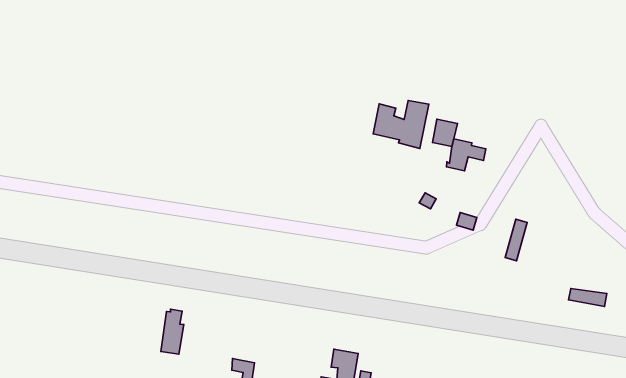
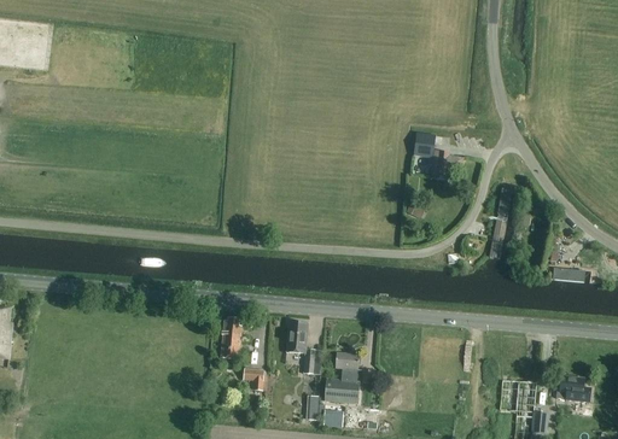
building: [373,101,429,149] -> none
building: [161,309,184,354] -> [222,316,241,357]
building: none -> [286,321,315,373]

